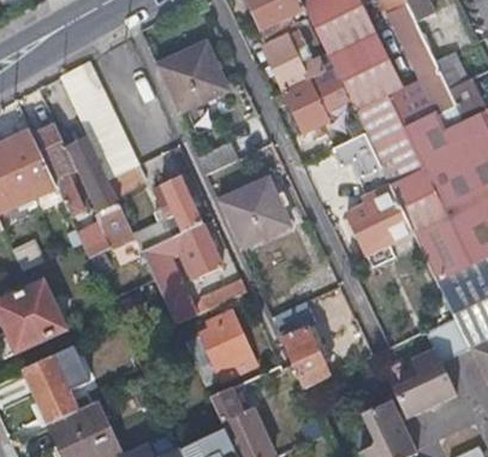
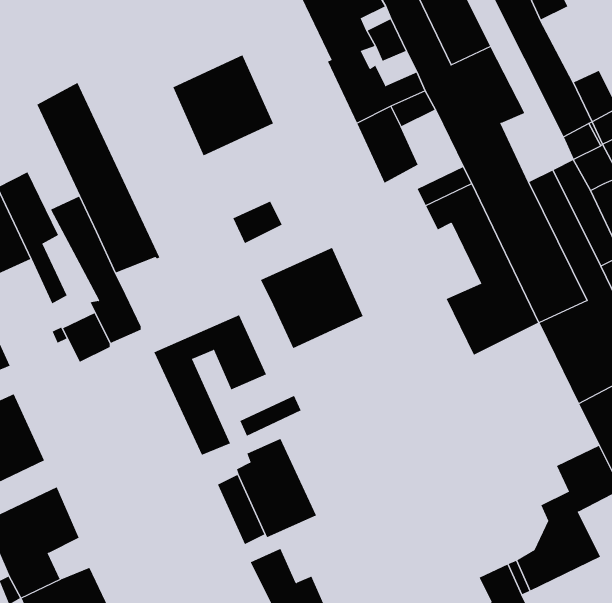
building: [135,176,203,250] -> none
building: [272,299,329,387] -> none

